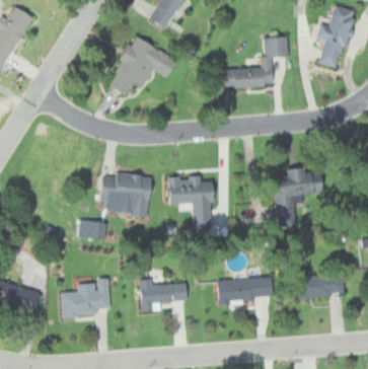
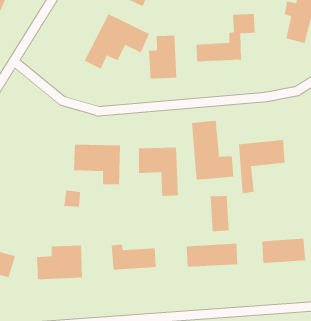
building: none -> [149,35,177,80]
building: none -> [192,120,234,180]
building: none -> [210,195,229,232]

